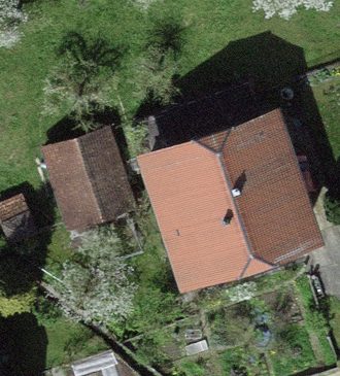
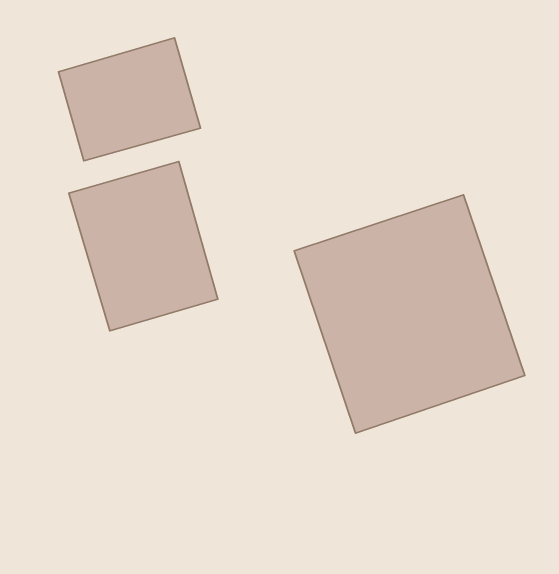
building: none -> [59,38,201,161]

